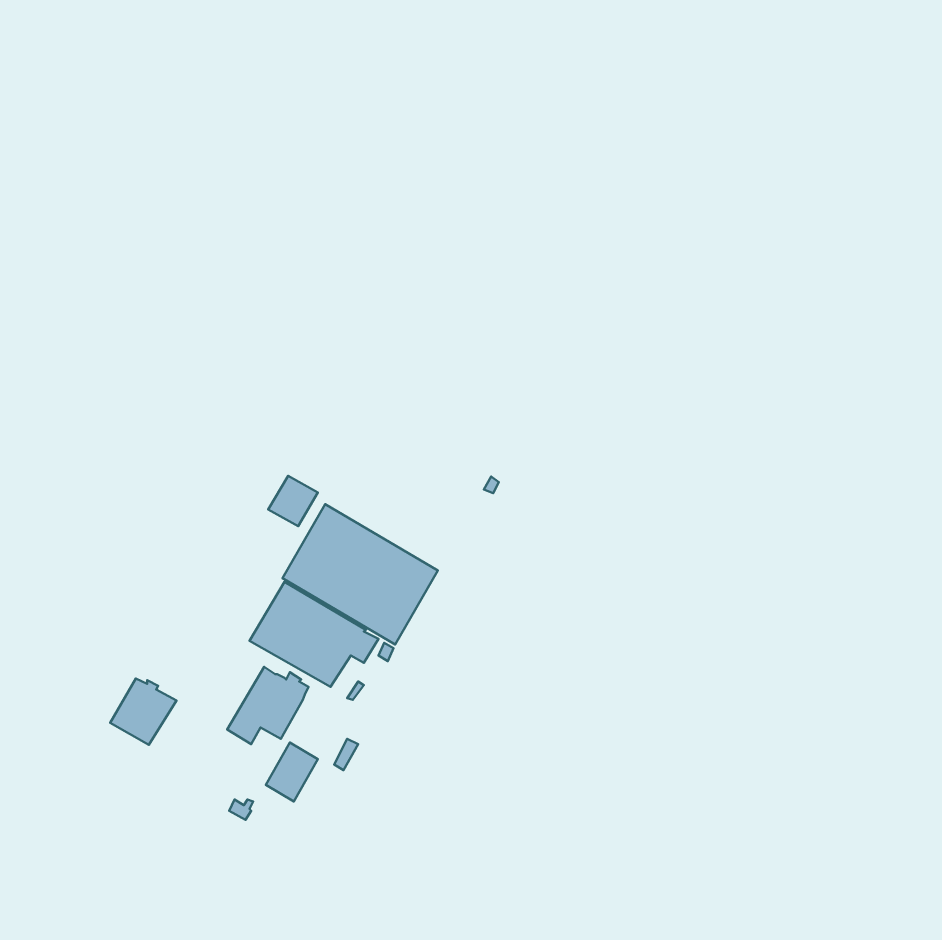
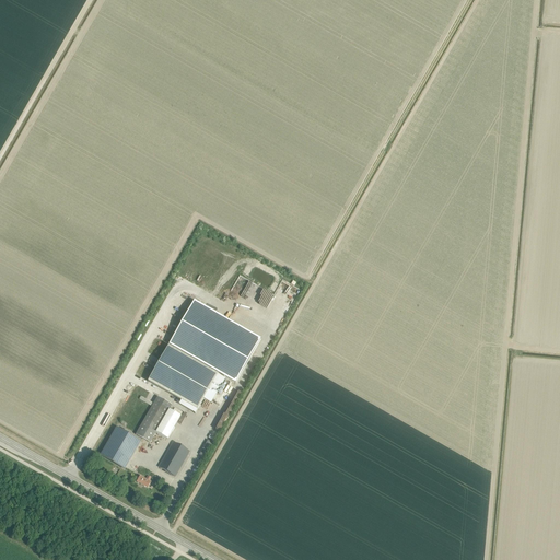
building: [268,476,318,526] -> none
building: [110,678,177,745] -> [100,427,139,466]

